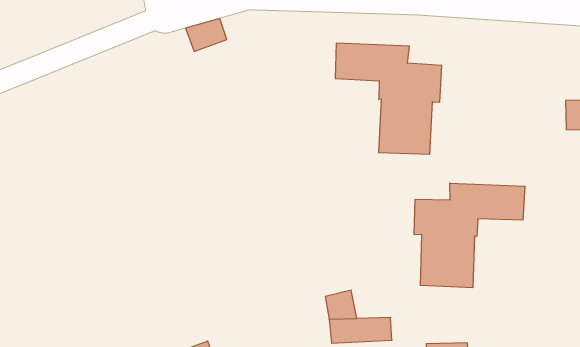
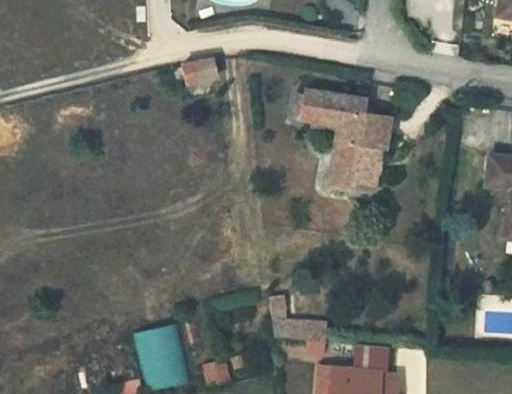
building: [414,183,525,288] -> none

